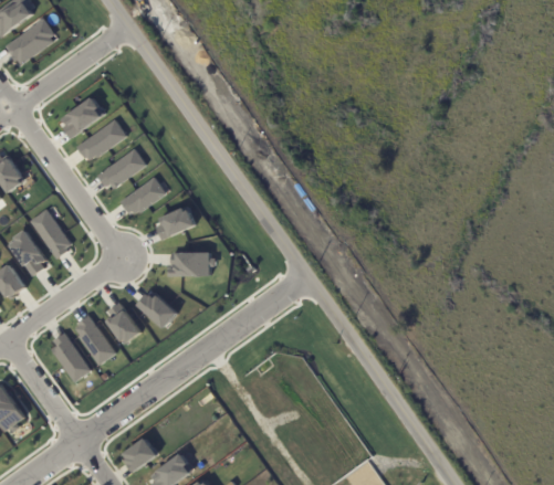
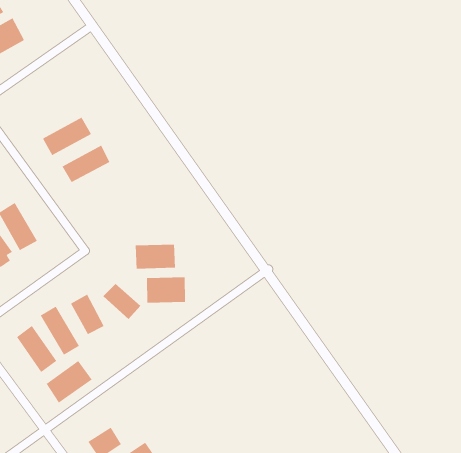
building: [60,96,104,137] -> none
building: [119,176,165,217] -> none
building: [154,205,195,239] -> none
building: none -> [147,276,185,304]
building: none -> [46,360,93,404]

